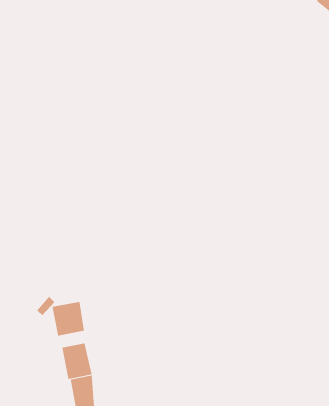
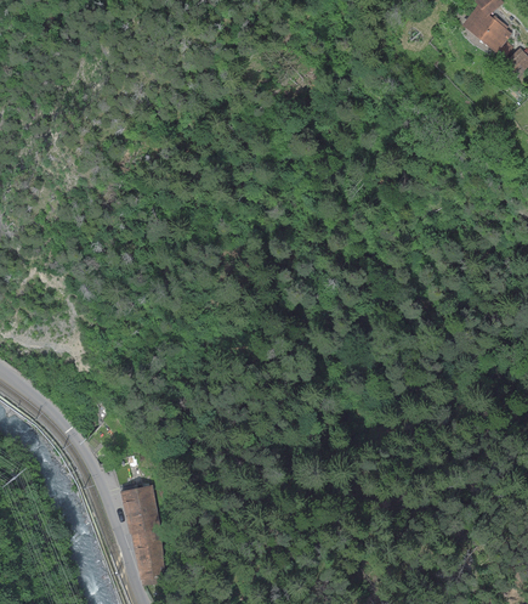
building: [52,301,84,337] -> none

